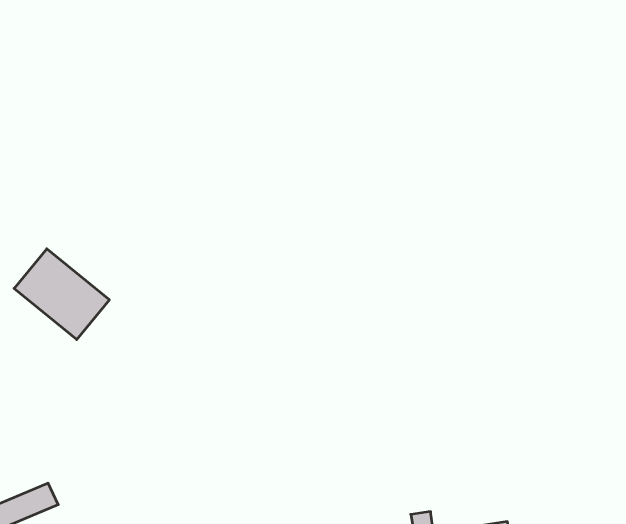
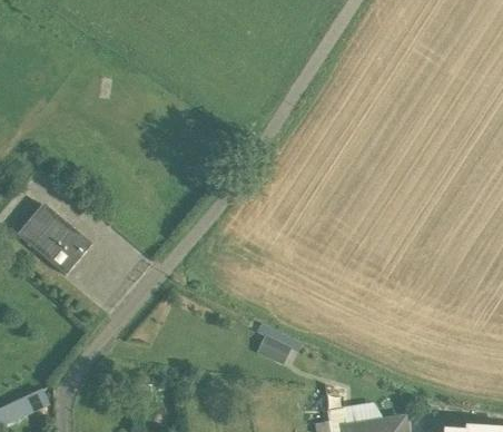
building: none -> [257,324,300,364]

